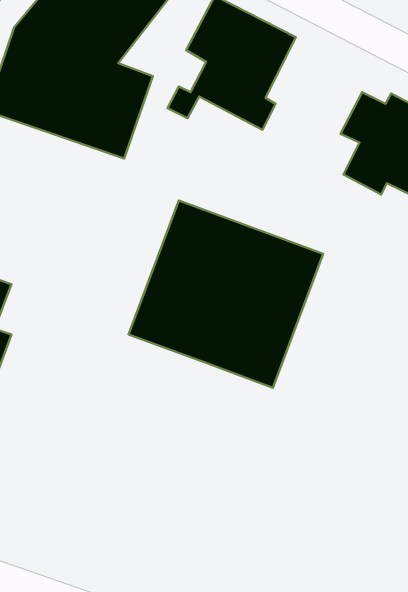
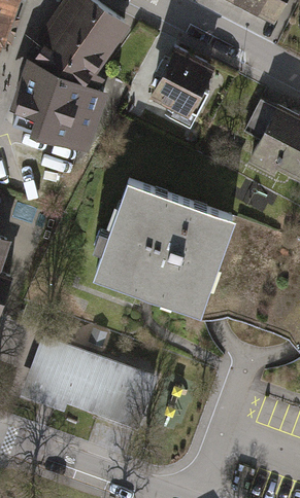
building: none -> [16,336,154,436]

